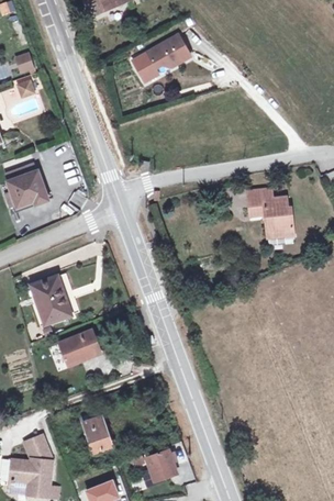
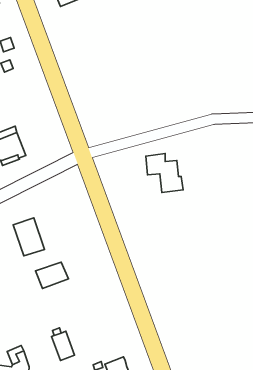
building: [132,34,190,76] -> none
building: [247,188,293,236] -> [146,153,183,193]

